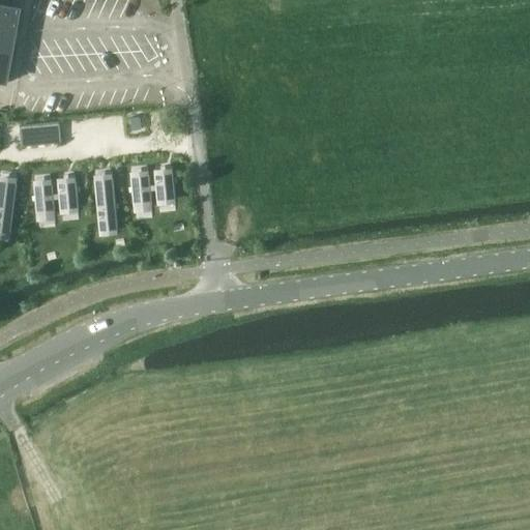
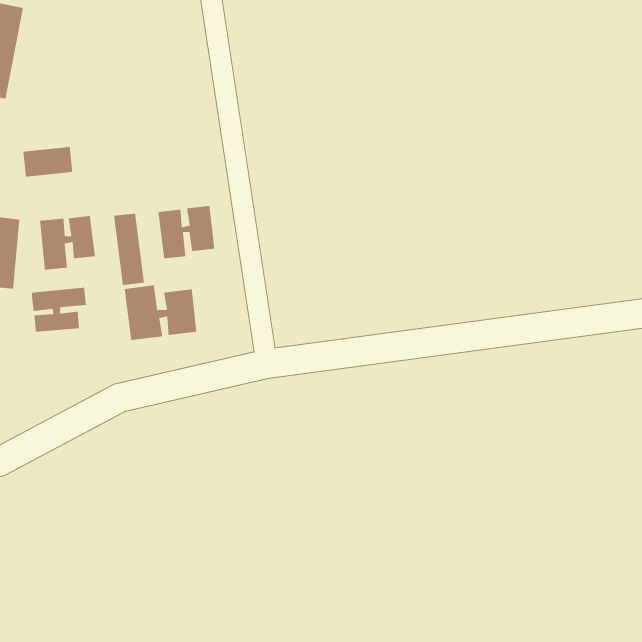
building: none -> [124,285,197,341]
building: none -> [31,287,87,332]

